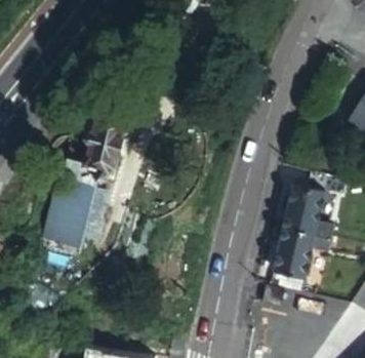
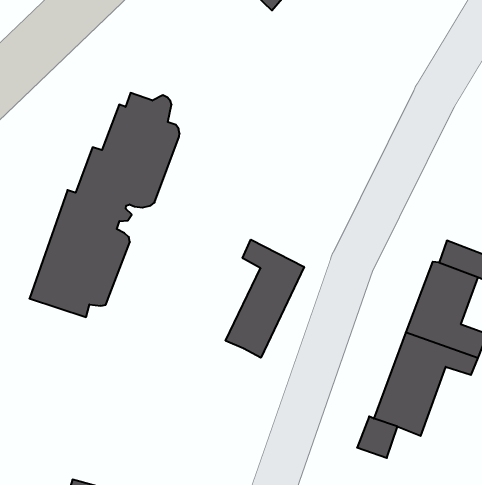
building: none -> [226,240,304,358]

